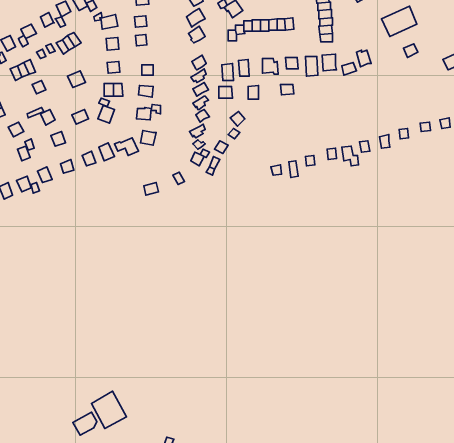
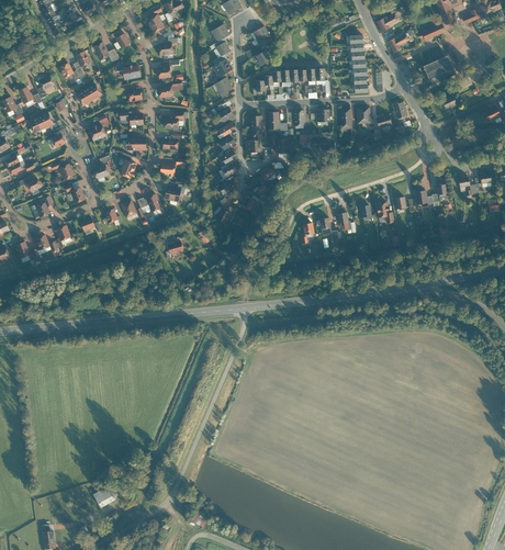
building: [91,391,127,429] -> none

